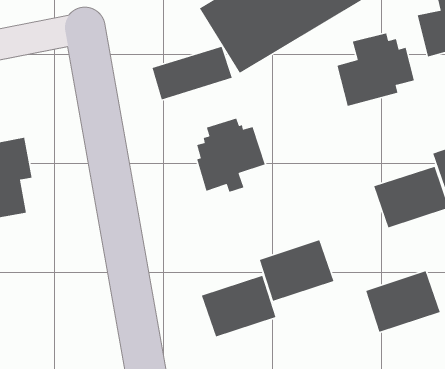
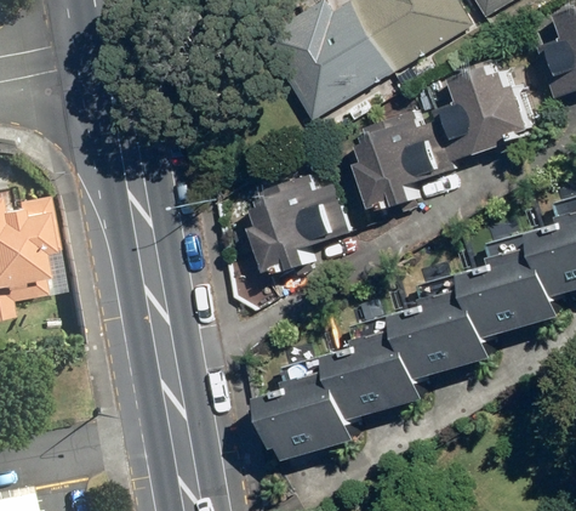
building: [151,46,233,101] -> none
building: none -> [361,110,449,206]
building: [365,270,441,333] -> [407,279,502,358]

